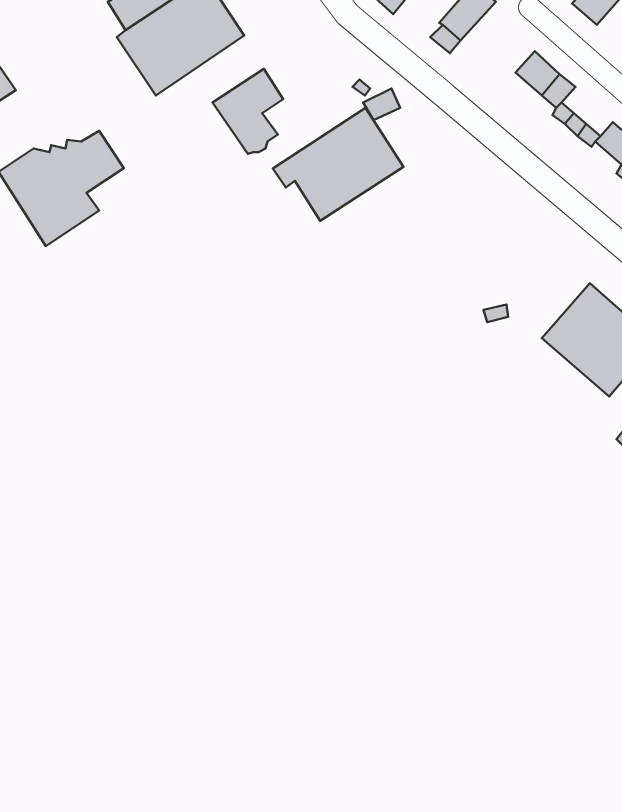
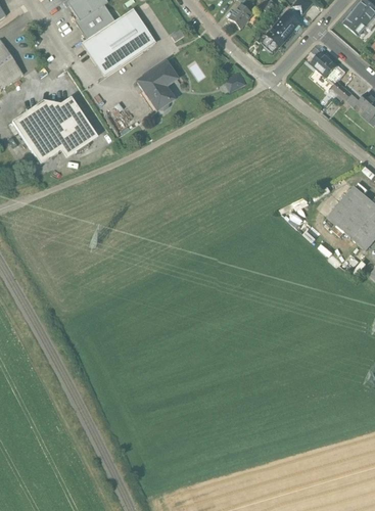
building: [273,108,404,221] -> none
building: none -> [63,119,95,148]

